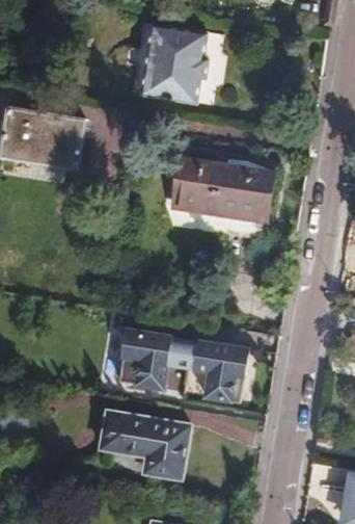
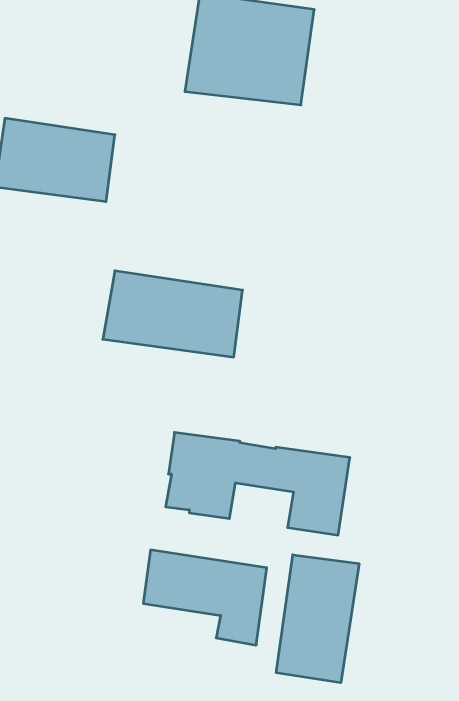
building: [174,160,272,220] -> [103,271,243,357]
building: none -> [276,555,359,683]

